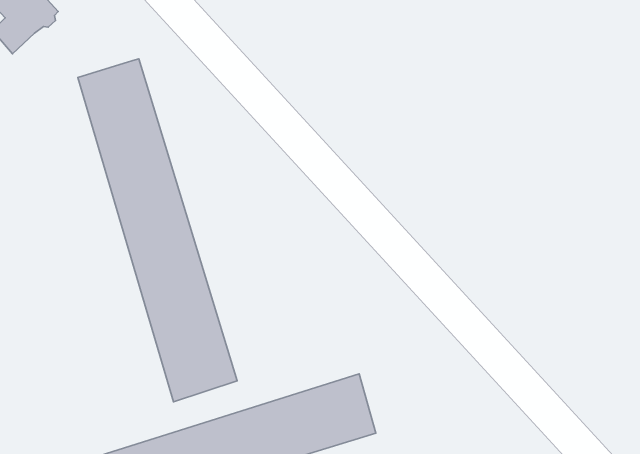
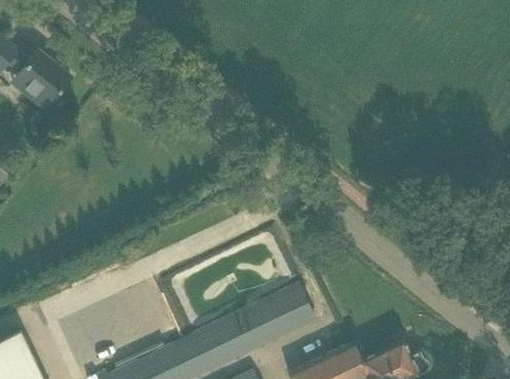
building: [78,59,237,402] -> none

